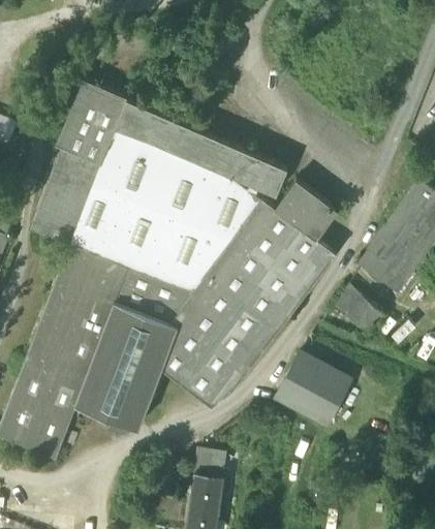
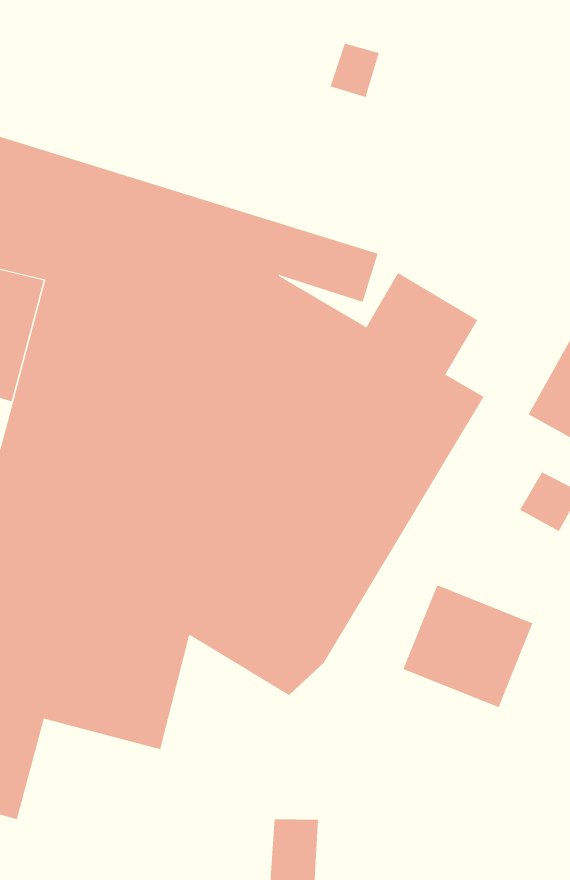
building: none -> [330,43,380,98]
building: [331,285,363,318] -> none
building: [195,449,223,476] -> none

